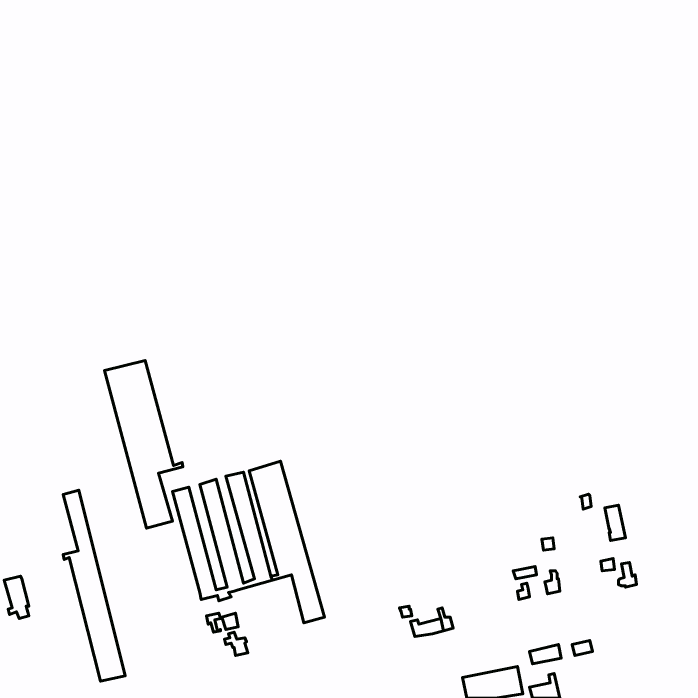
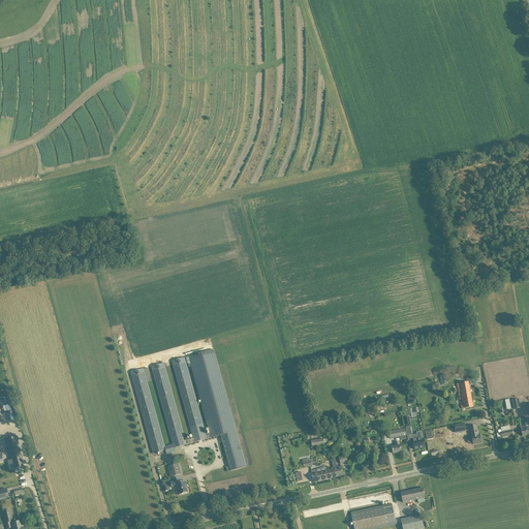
building: [104,360,183,528] -> none
building: [63,490,125,681] -> none

